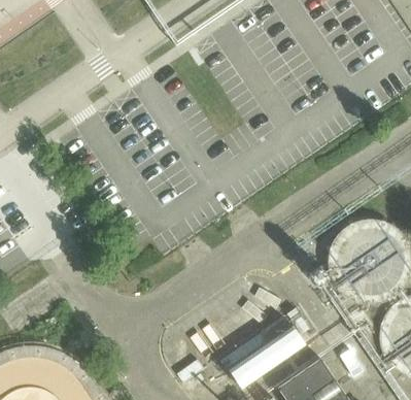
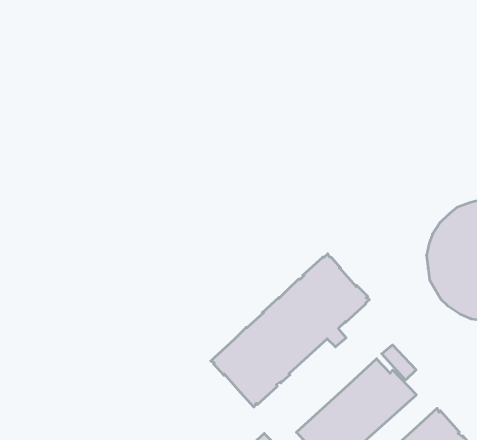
building: none -> [211,254,369,407]

